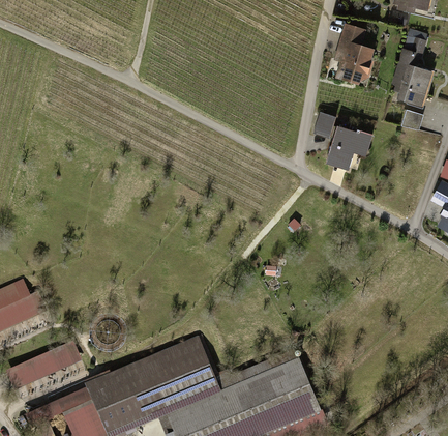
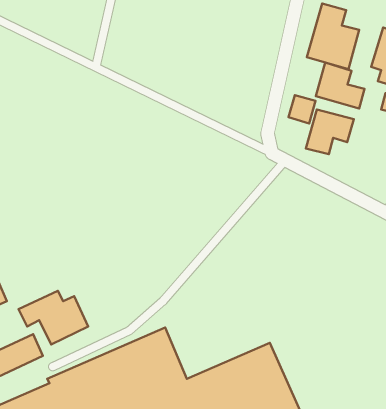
building: none -> [316,63,365,109]
building: none -> [19,291,88,344]

